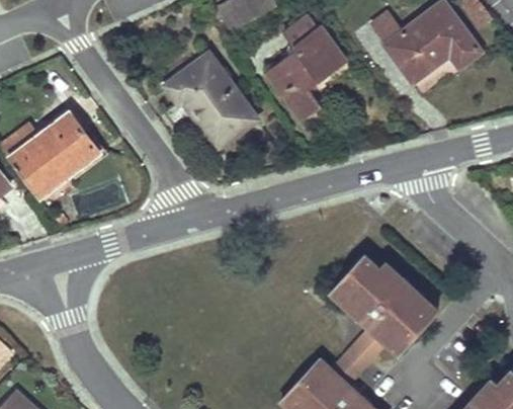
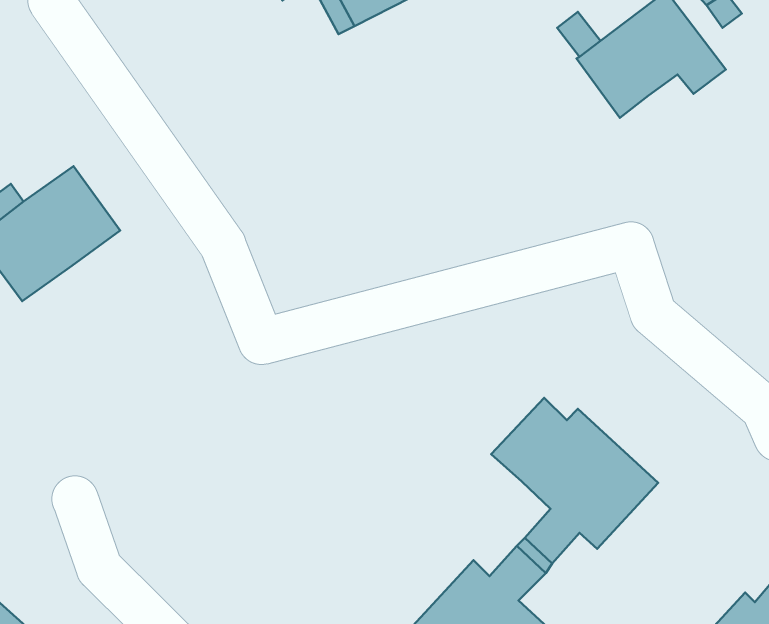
building: [266,17,345,121] -> none
building: [163,54,255,148] -> none

